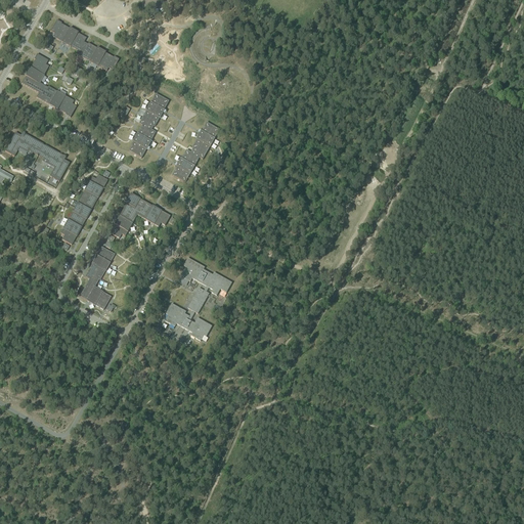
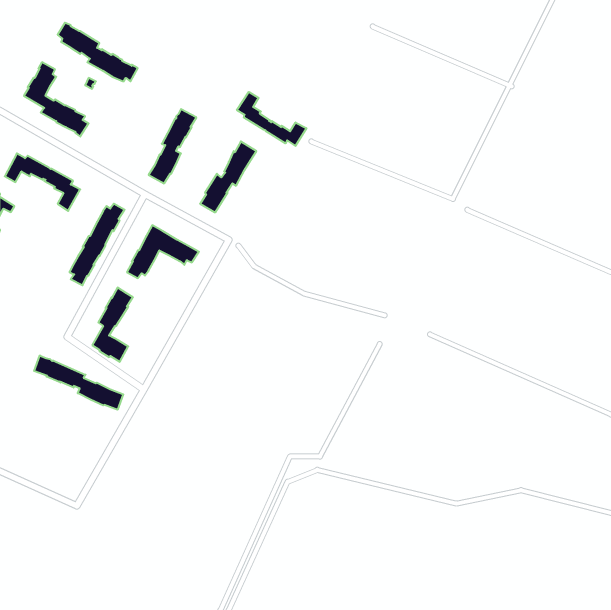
building: none -> [237,92,306,146]
building: [164,257,231,340] -> none
building: none -> [34,355,123,410]

